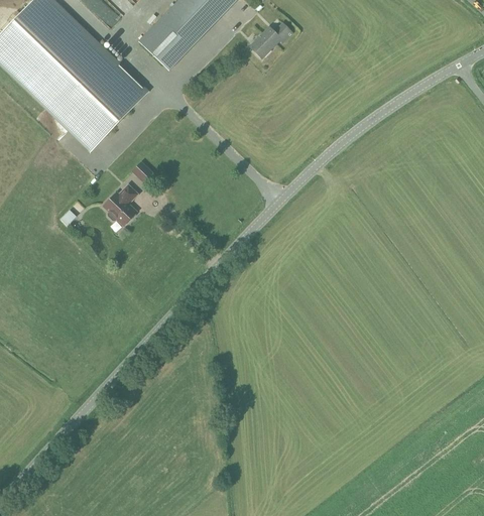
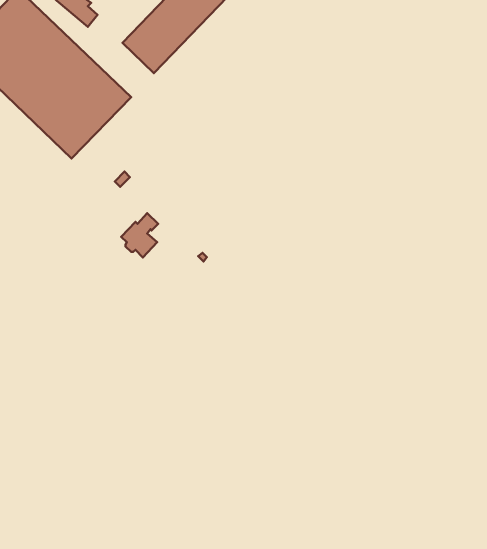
building: [250,21,292,56] -> none
building: [104,182,138,224] -> [121,213,158,257]

